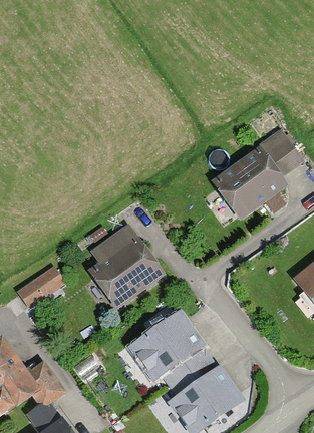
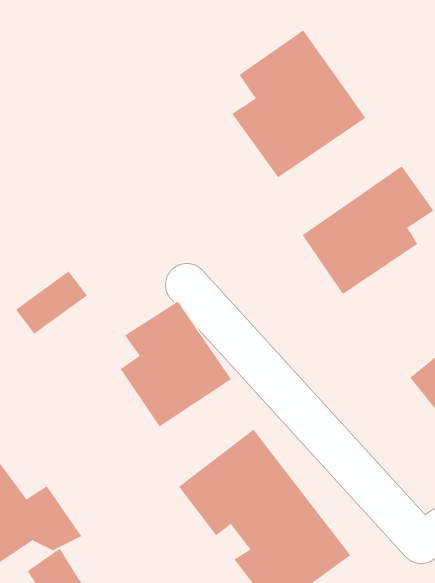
building: none -> [231,30,366,178]
building: [17,265,67,309] -> [15,271,88,335]

